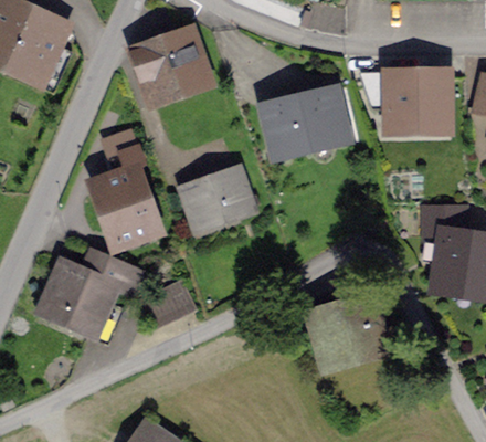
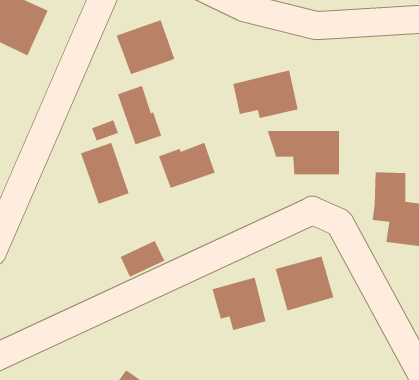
building: [364,78,446,128] -> [267,130,340,175]
building: none -> [117,85,162,145]
building: [46,256,136,345] -> none
building: none -> [212,277,266,331]

